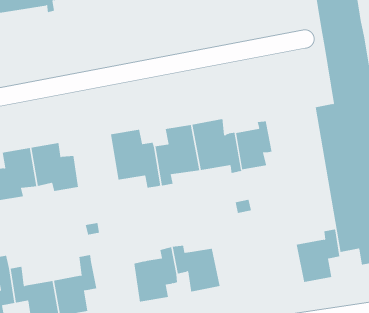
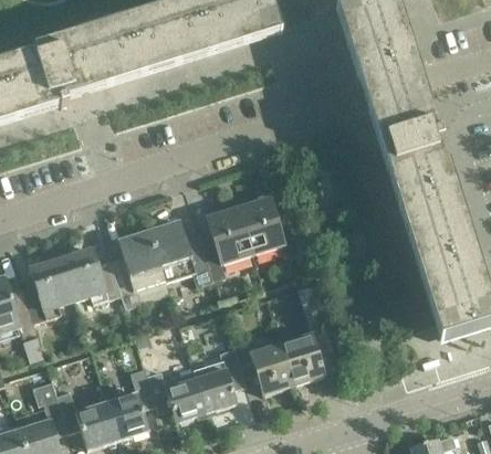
building: [235,120,272,170] -> none
building: none -> [112,231,164,307]
building: [296,229,340,282] -> [279,318,330,382]
building: none -> [147,370,206,421]

